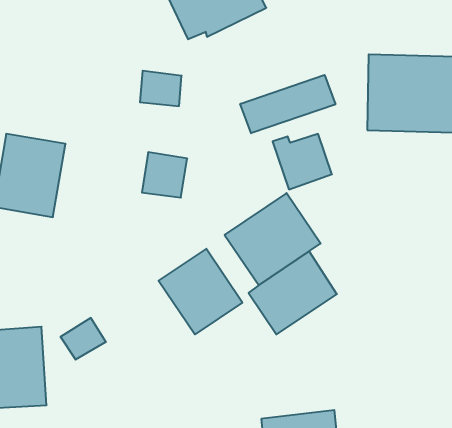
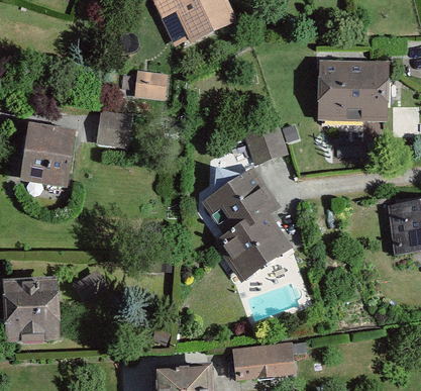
building: [240,75,335,133] -> none
building: [142,152,187,198] -> [96,110,132,146]
building: [159,249,242,334] -> none

